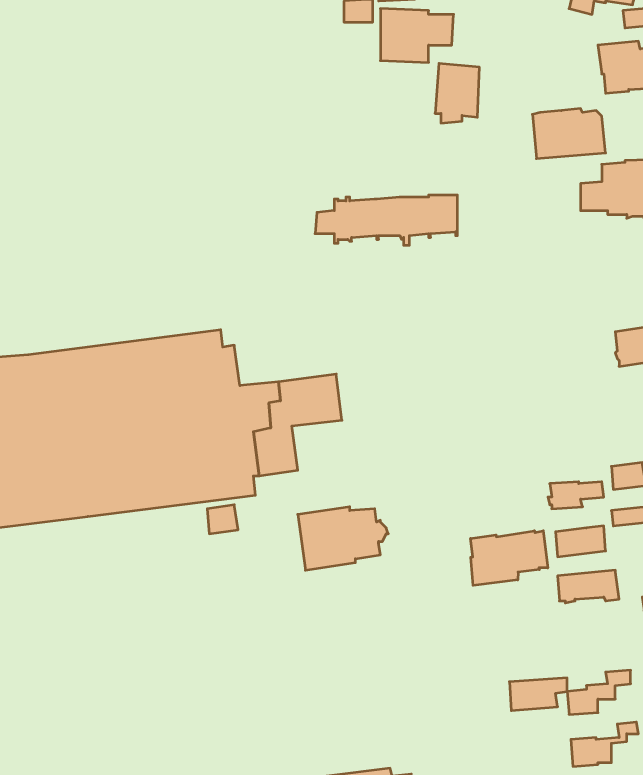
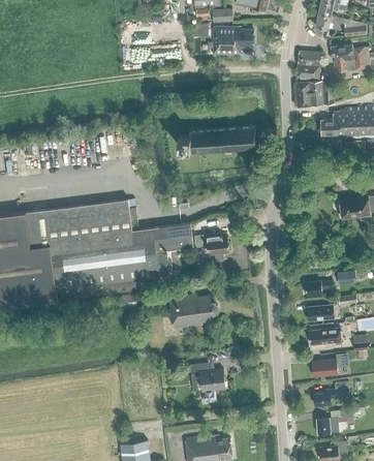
building: [435,63,479,123] -> [297,50,320,82]
building: none -> [195,233,229,259]
building: [471,531,548,585] -> none
building: none -> [190,362,225,402]
building: [509,678,567,711] -> [312,359,343,376]

